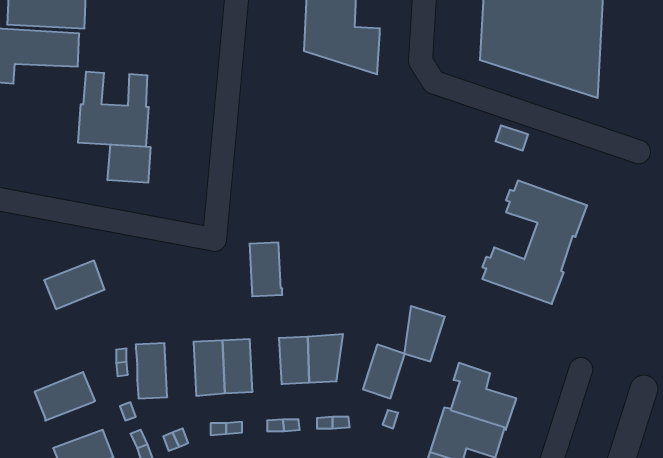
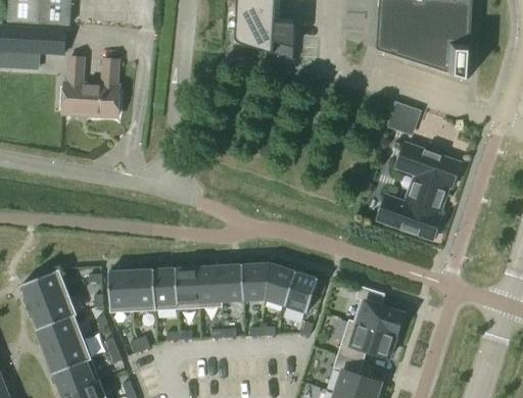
building: [108,144,150,183] -> none
building: [249,242,282,296] -> [196,265,222,307]
building: [44,261,105,309] -> [19,269,66,307]
building: [404,306,445,361] -> [264,262,295,305]
building: none -> [130,268,154,311]
building: none -> [35,315,82,351]

